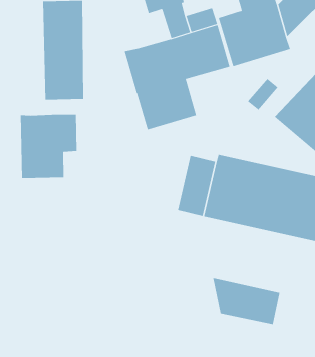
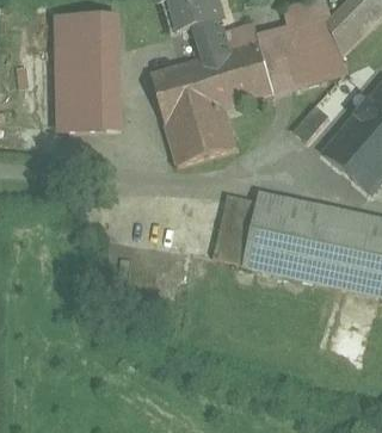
building: [20,114,77,179] -> none
building: [213,277,280,325] -> none

